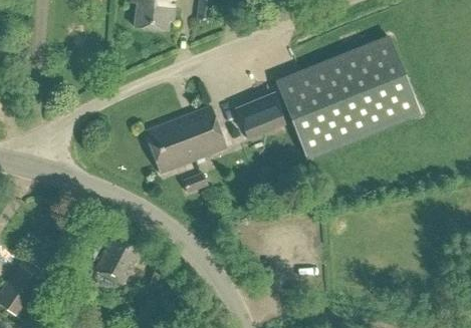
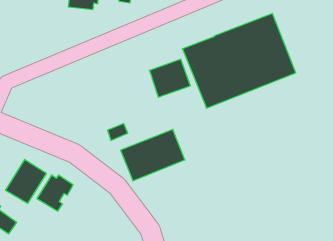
building: [145,107,225,172] -> [121,129,185,181]
building: none -> [6,159,46,203]

